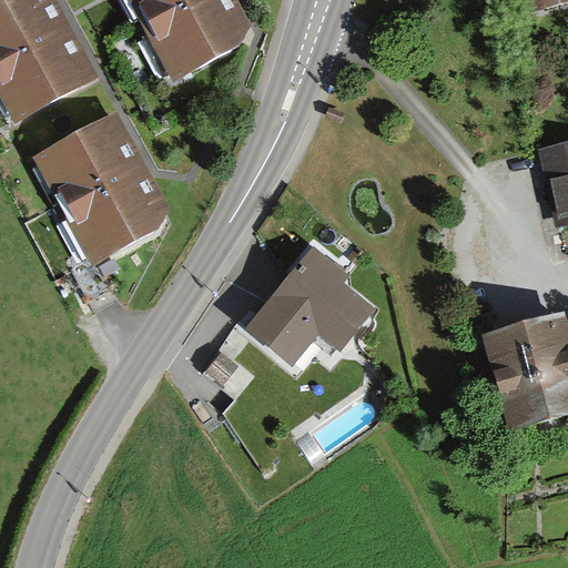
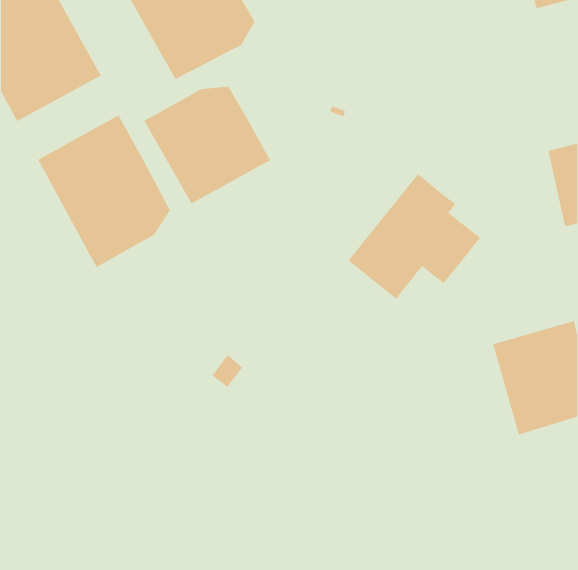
building: none -> [143,86,271,205]
building: [245,243,376,367] -> [348,173,481,300]

